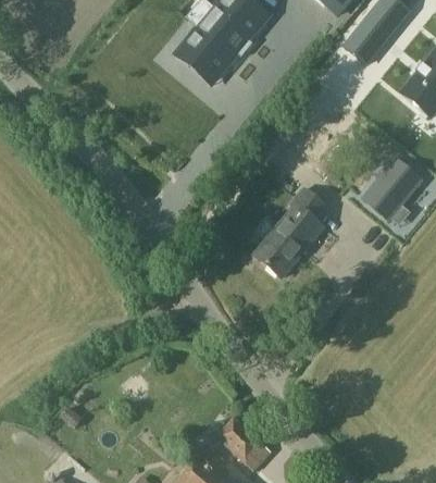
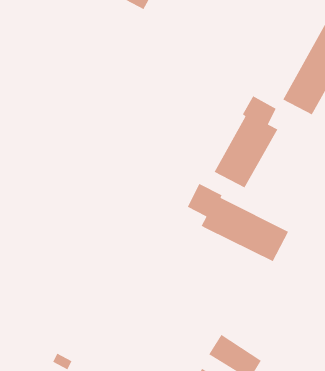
building: none -> [187,183,289,262]

